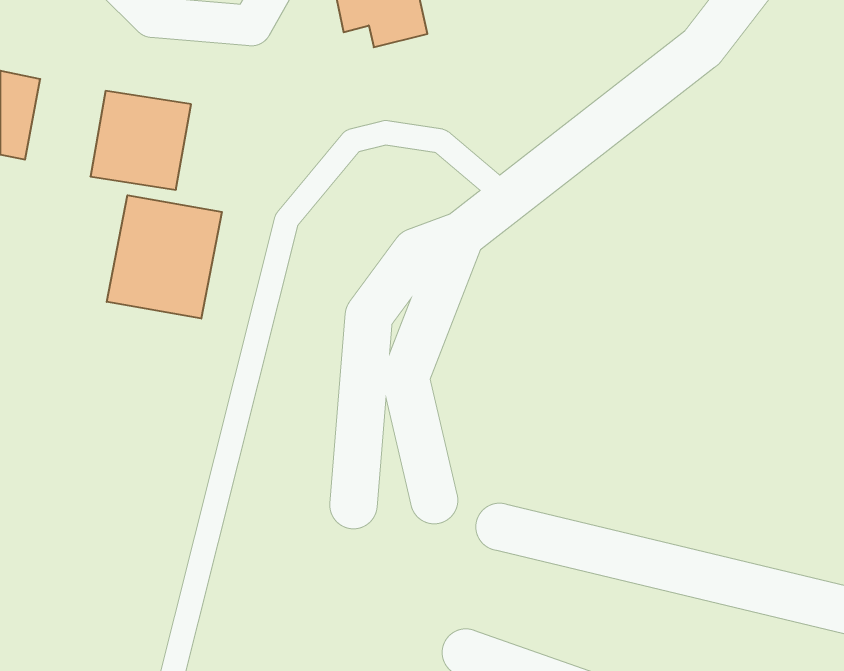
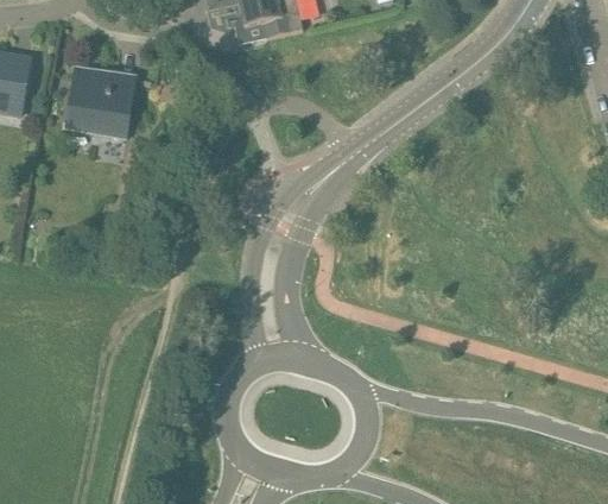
building: [107,195,222,319] -> none

